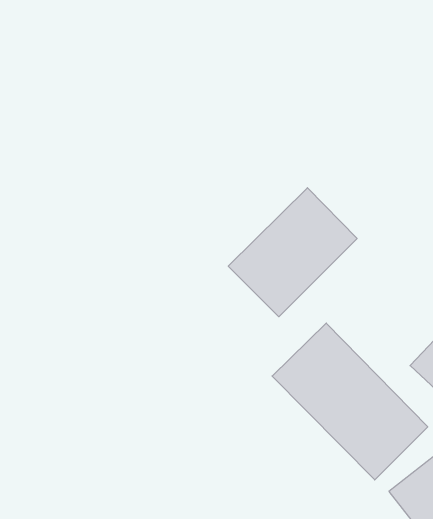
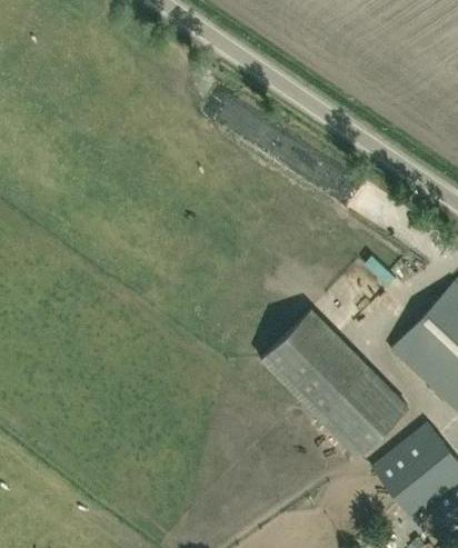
building: [228,188,357,317] -> none

